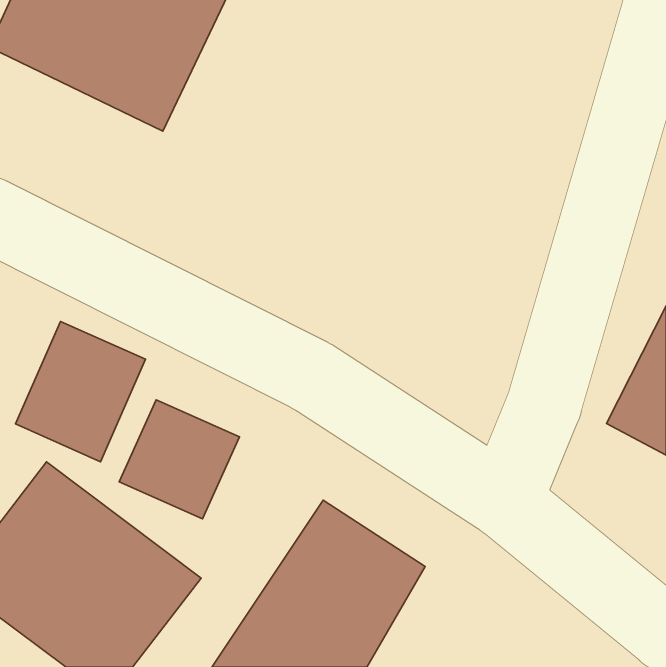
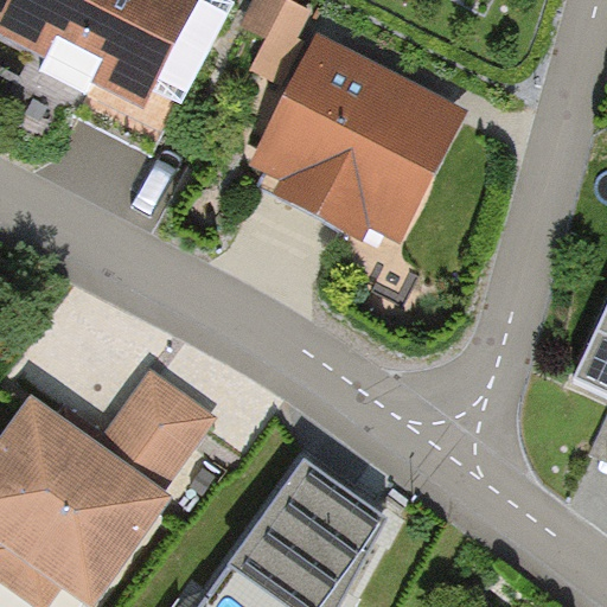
building: none -> [250,50,466,250]
building: [15,321,146,462] -> none

